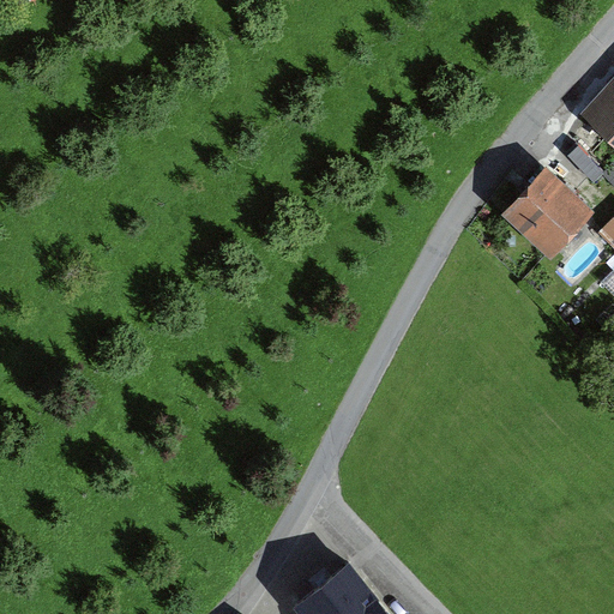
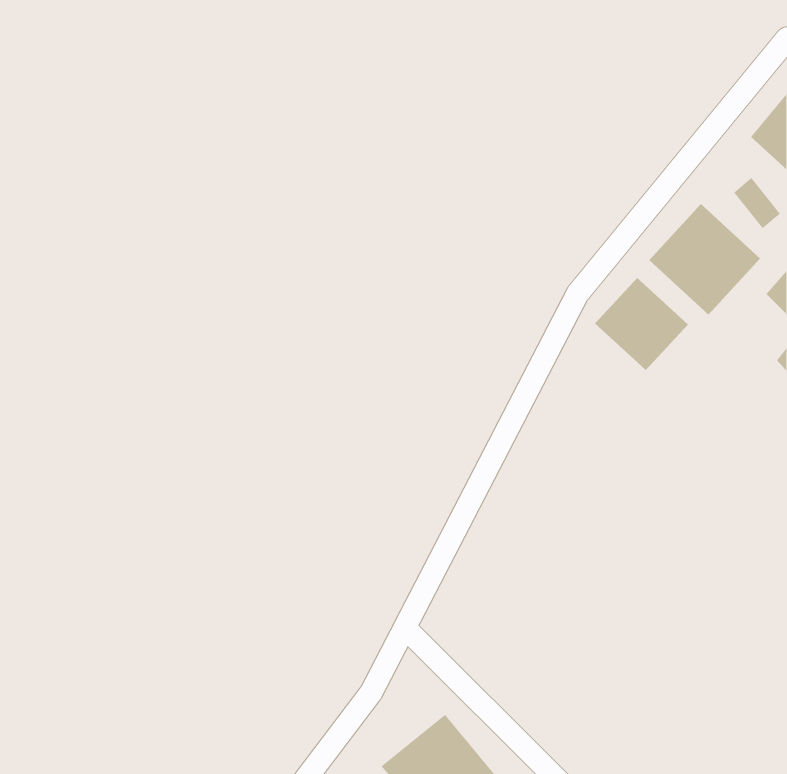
building: none -> [594,277,689,371]

